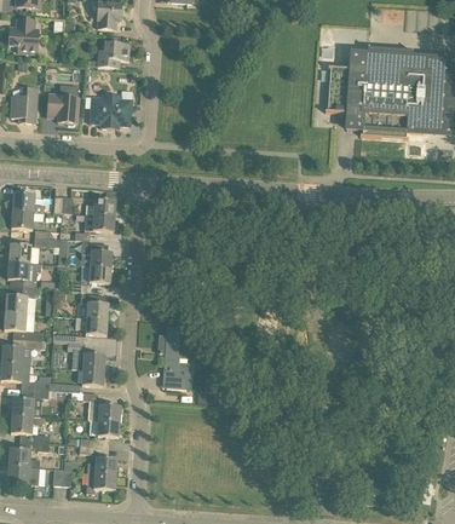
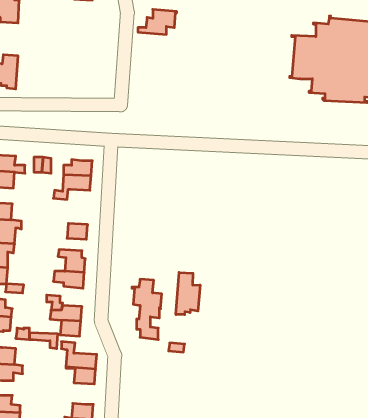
building: [88,40,129,67] -> [138,9,177,34]
building: [46,92,77,122] -> none
building: [88,92,131,127] -> none
building: [80,242,111,266] -> none
building: none -> [176,272,200,315]

